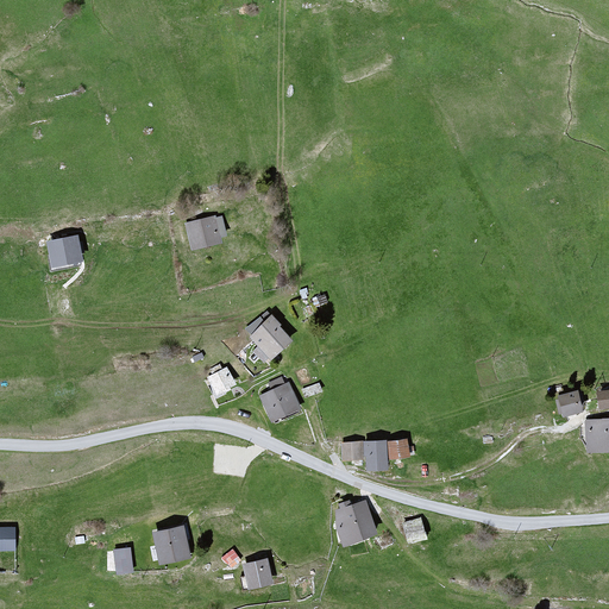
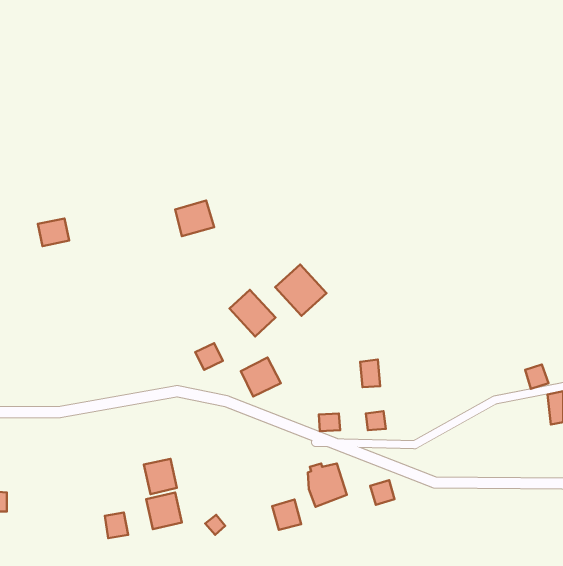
building: none -> [275,265,326,316]
building: [368,440,389,470] -> [360,359,380,387]
building: none -> [144,459,177,494]
building: [245,557,276,589] -> [272,500,301,530]

